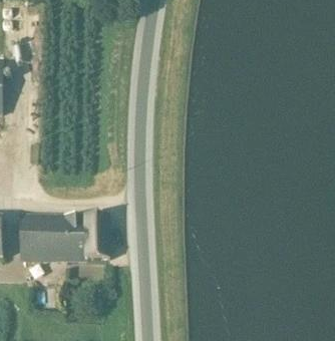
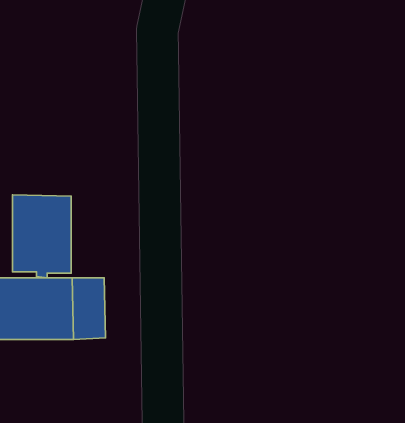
building: none -> [12,195,71,278]

